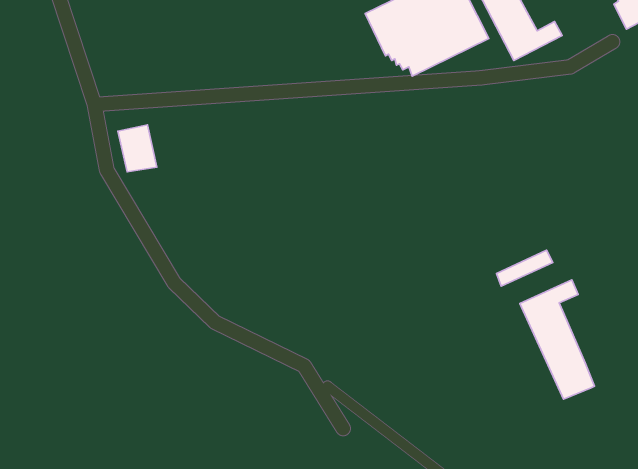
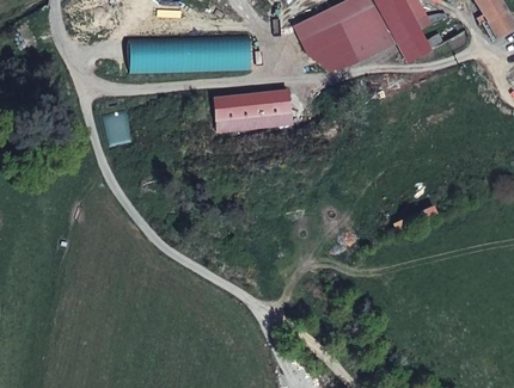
building: none -> [214,90,293,123]
building: [520,280,595,399] -> none

